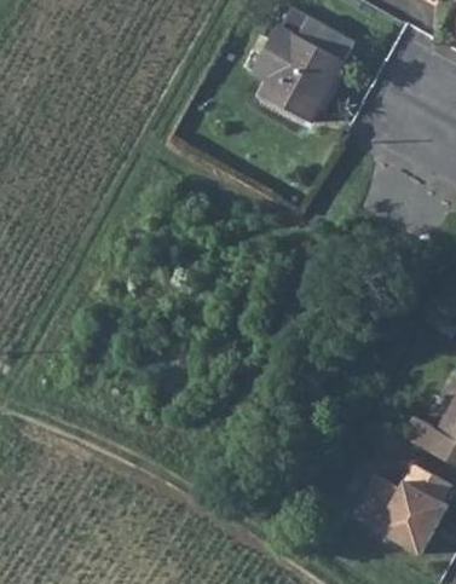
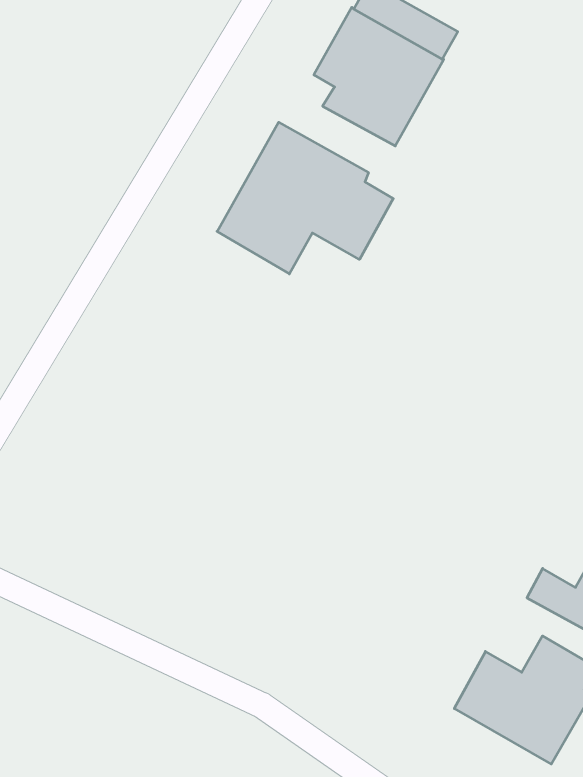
building: none -> [217,122,393,274]

